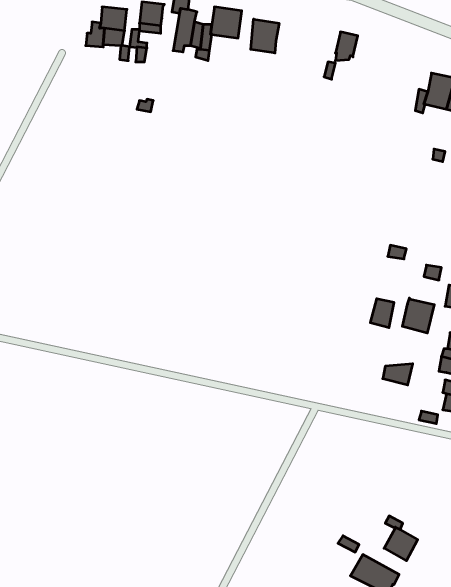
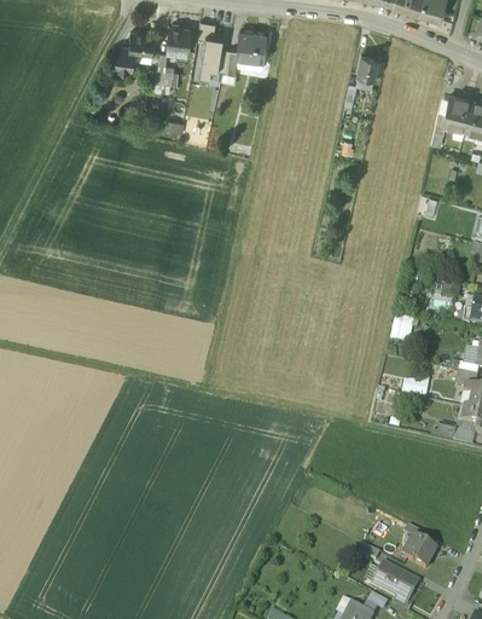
building: [251,19,279,53] -> none
building: [402,298,434,333] -> none

